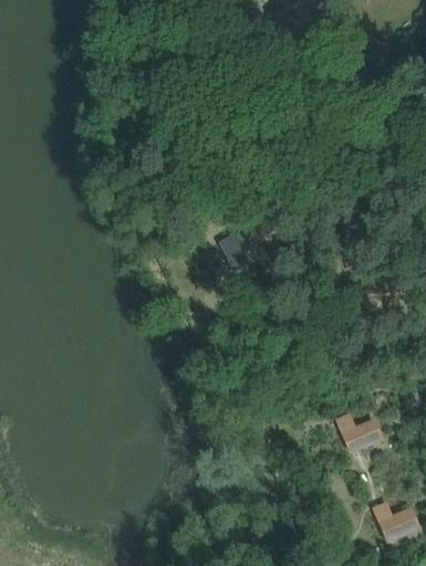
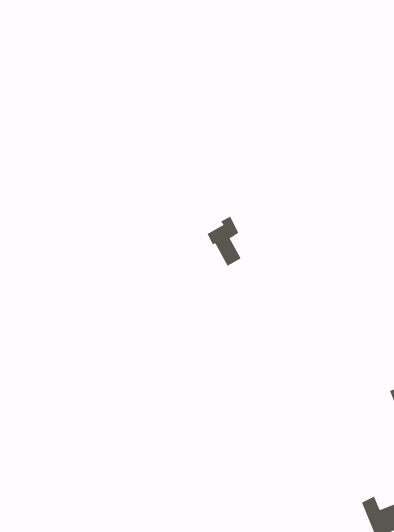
building: [336,412,385,453] -> none

